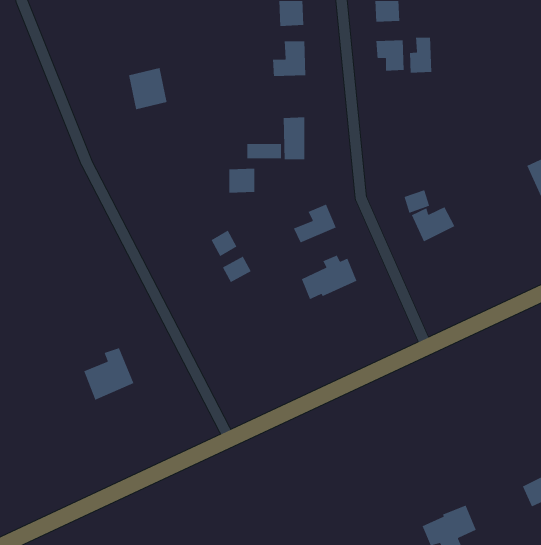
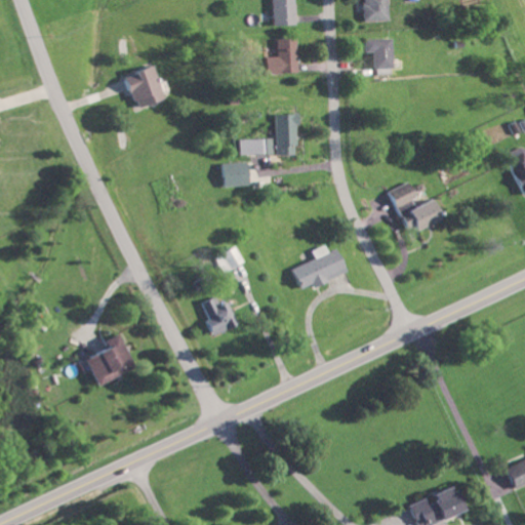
building: [409,37,432,74] -> none
building: [293,204,337,243] -> none
building: [210,229,238,257] -> none
building: none -> [201,296,237,333]

